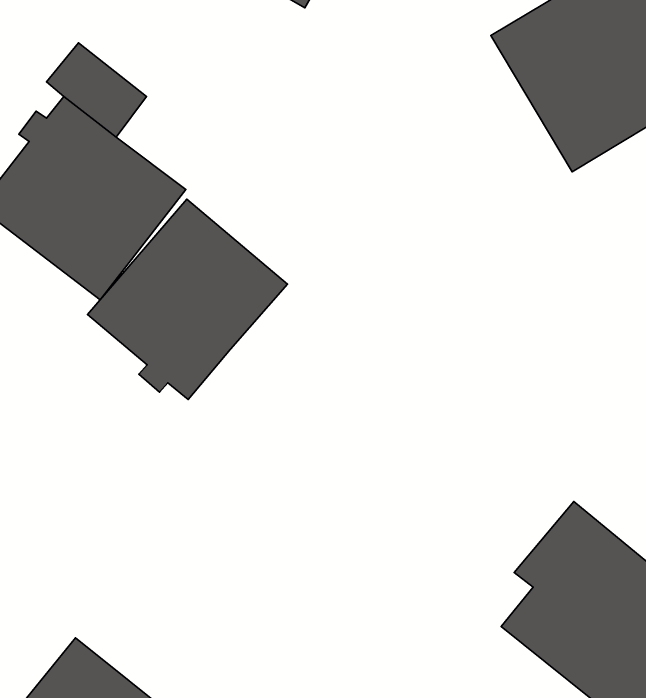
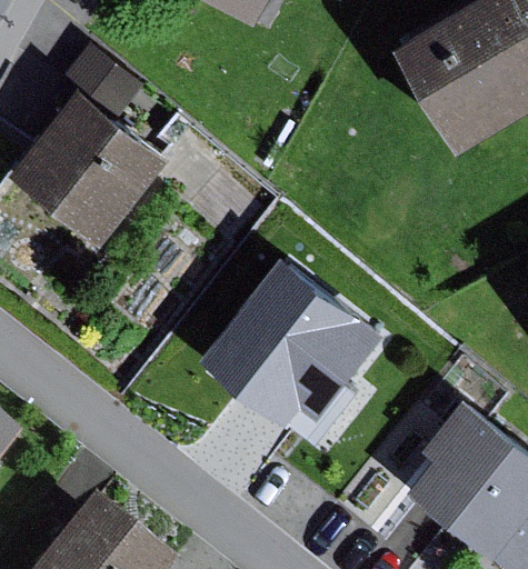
building: [87,199,288,400] -> none
building: none -> [187,239,377,452]

